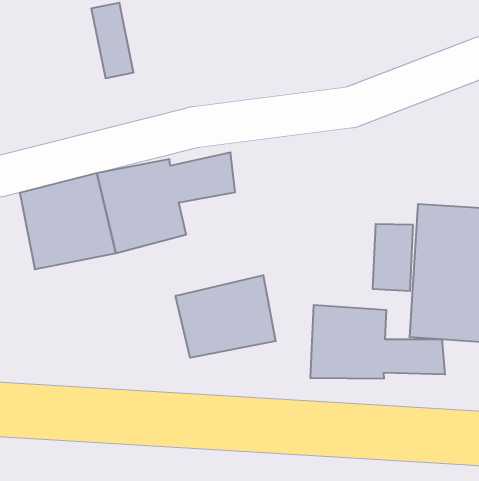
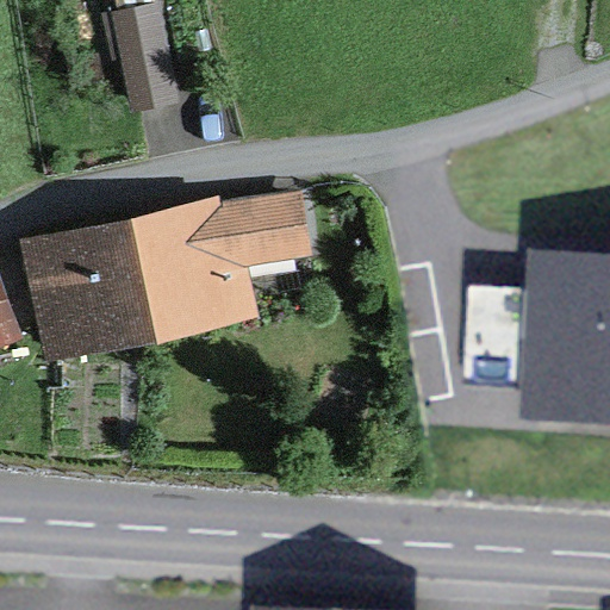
building: [176,275,276,358] -> none
building: [311,305,445,379] -> none

